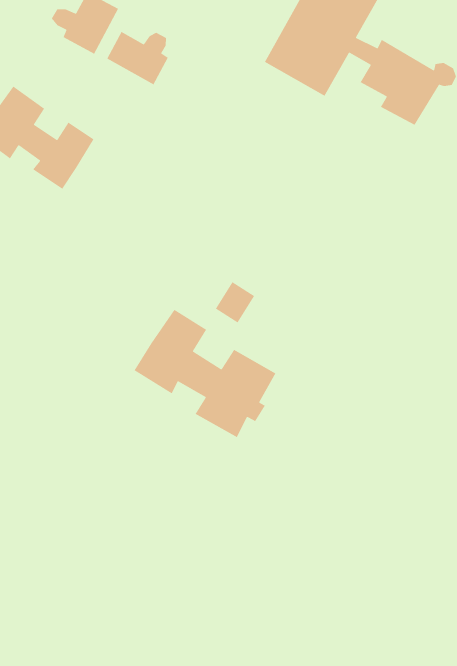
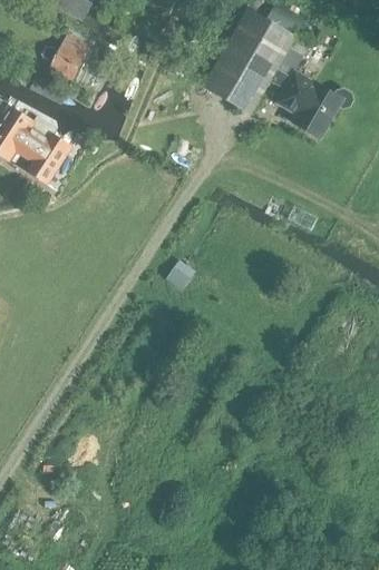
building: [106,31,169,85] -> none
building: [133,309,276,438] -> none

